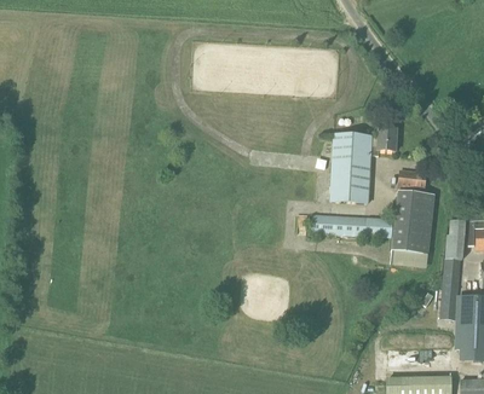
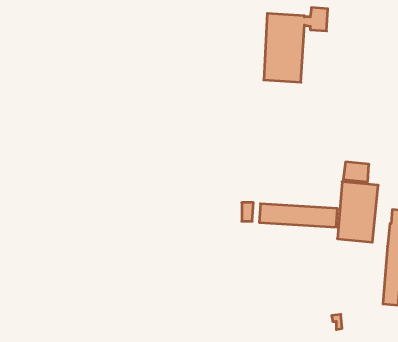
building: [329,126,396,203] -> [264,8,328,82]

